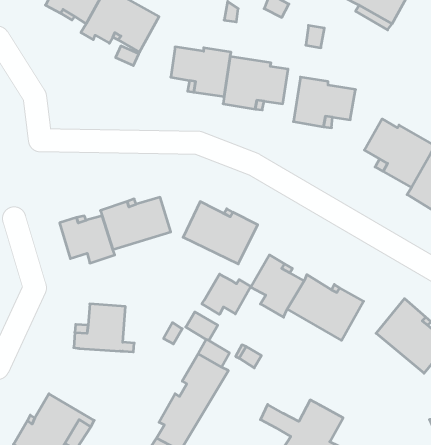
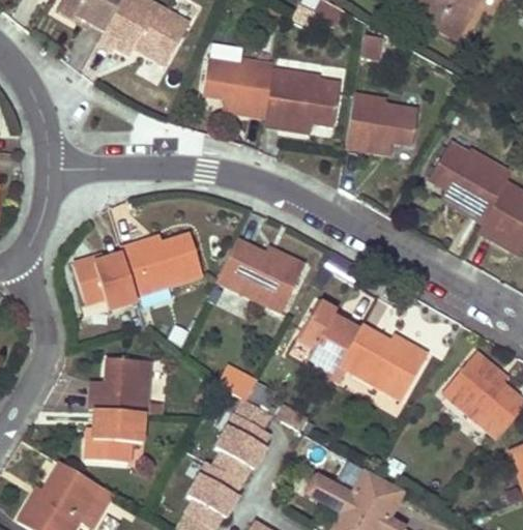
building: [202,274,251,314] -> none
building: none -> [87,409,144,461]

